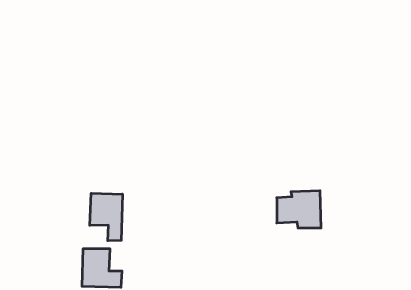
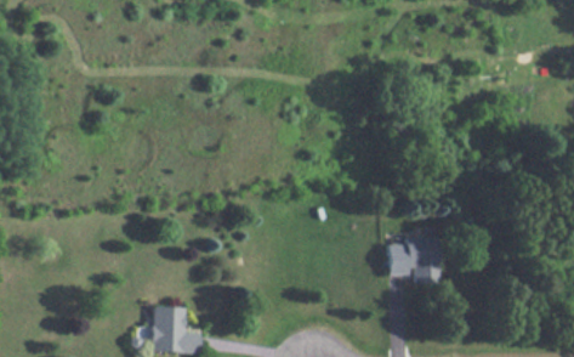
building: [90,193,122,241] -> none

